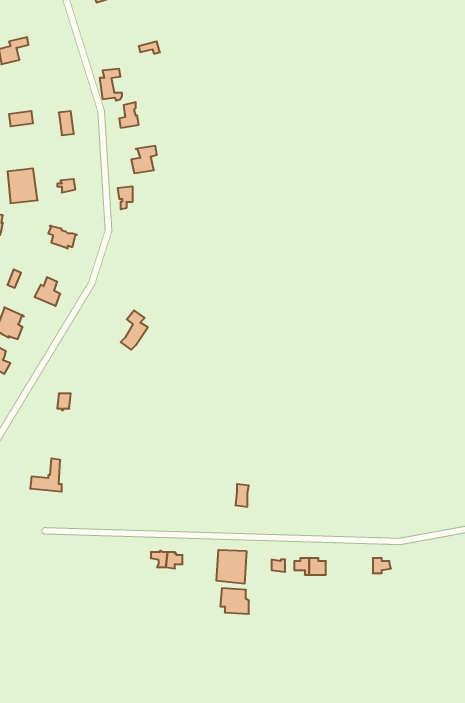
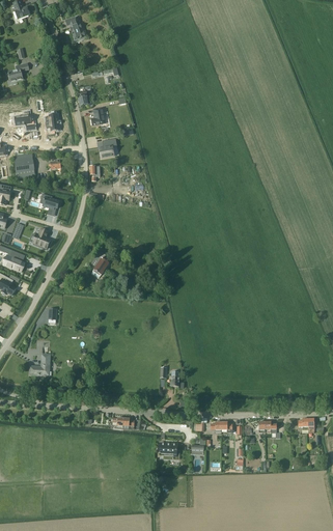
building: [216,550,246,584] -> none

